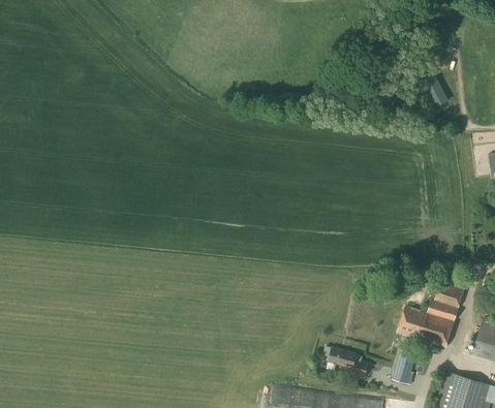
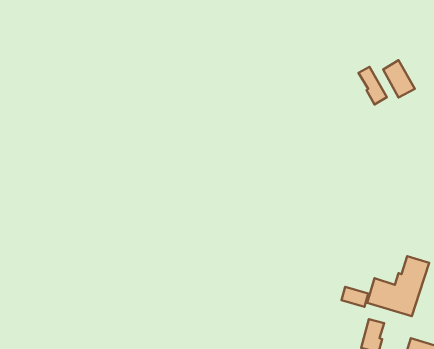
building: none -> [359,67,387,104]
building: [329,347,358,369] -> [341,287,368,307]

